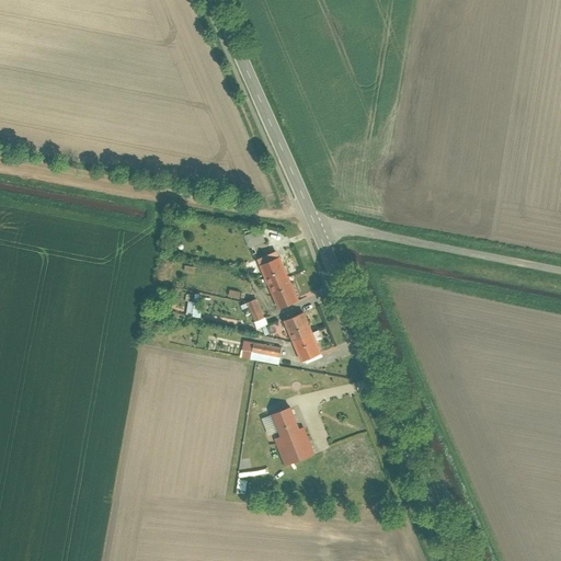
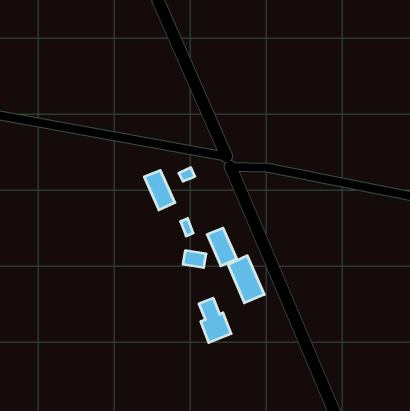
building: [257,256,299,310] -> [144,170,175,210]
building: none -> [228,256,264,303]

